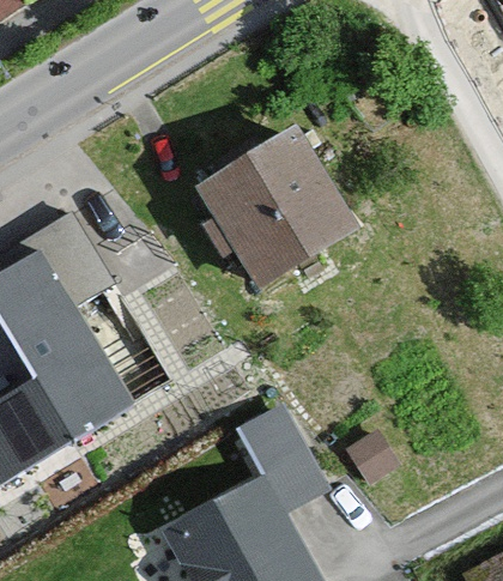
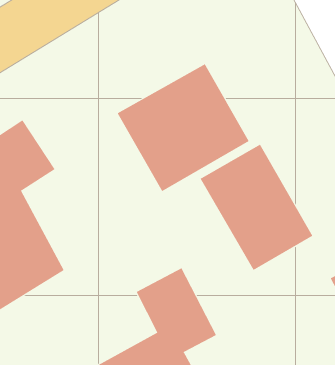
building: none -> [200,144,313,271]

